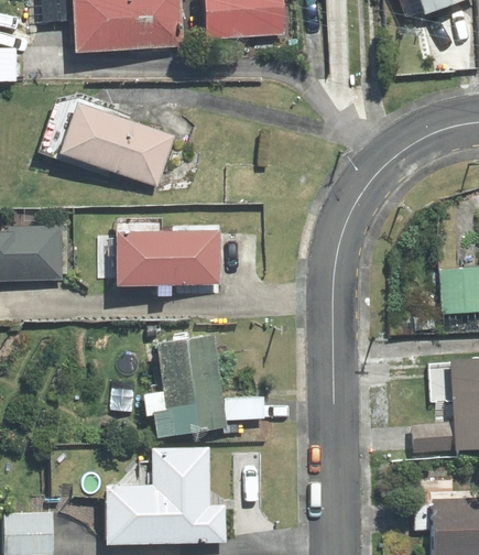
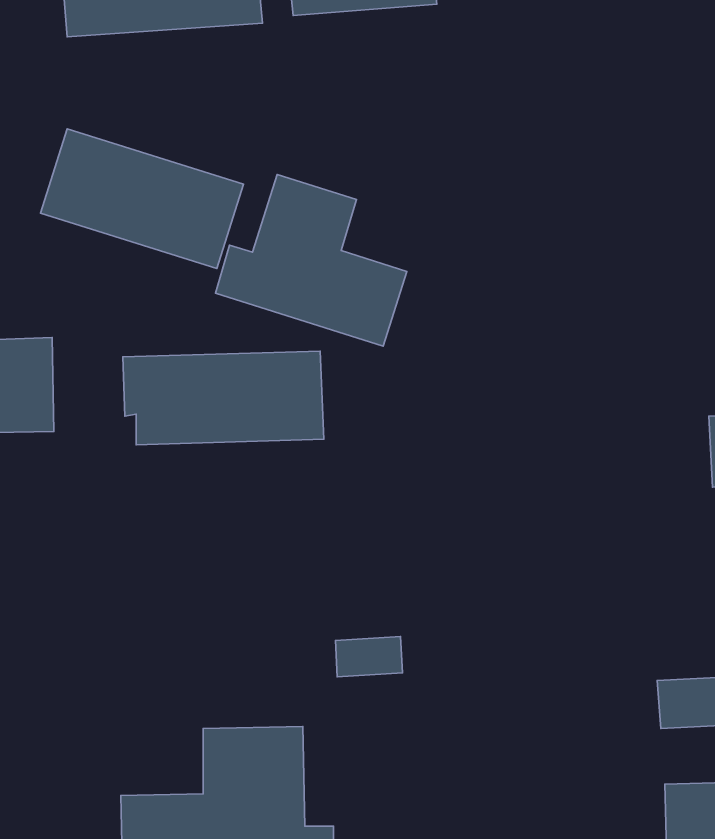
building: none -> [215,174,407,346]
building: [142,337,228,438] -> none

